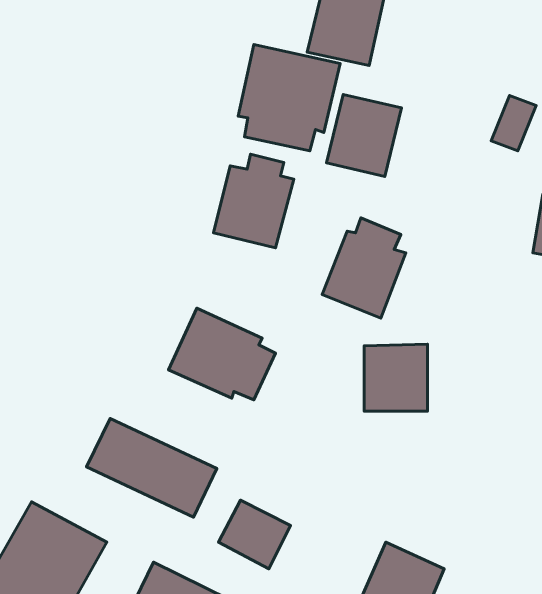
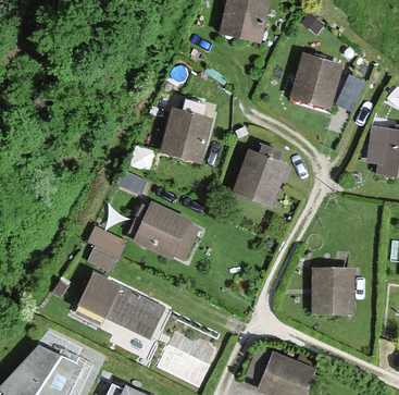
building: [238,45,340,151] -> none
building: [326,94,402,176] -> [291,57,340,110]
building: [364,344,428,411] -> [312,271,353,314]
building: none -> [86,230,123,273]

